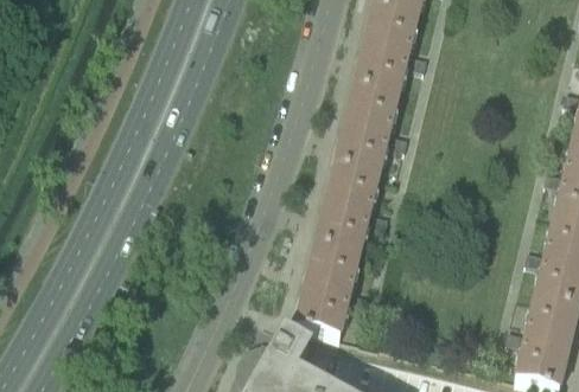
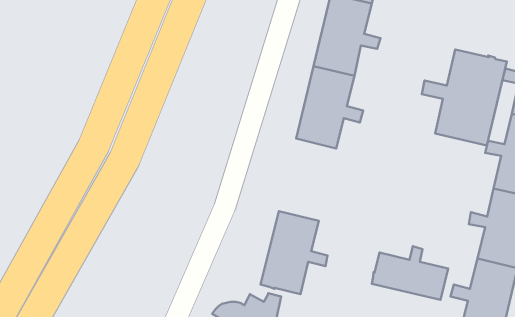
building: none -> [422,50,507,146]
building: [317,161,390,251] -> none
building: none -> [372,246,448,300]

